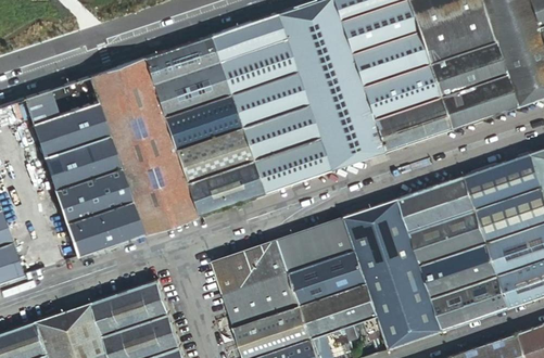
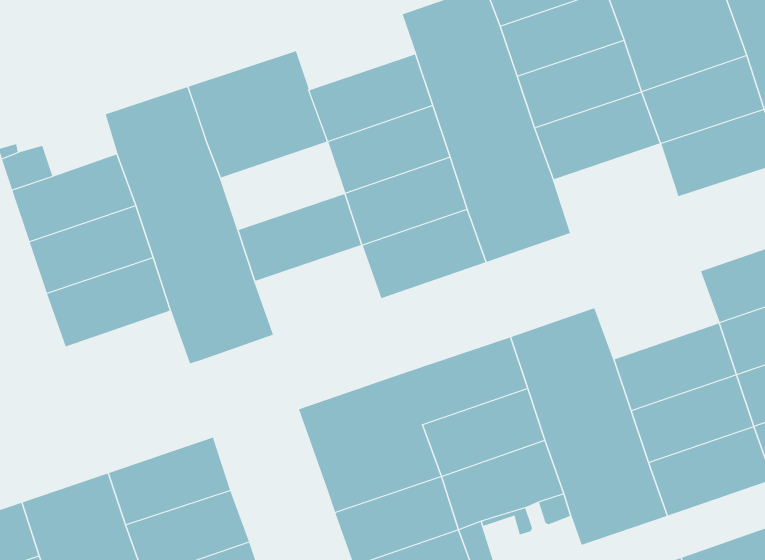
building: [211,14,286,62] -> none
building: [163,94,241,150] -> none
building: [372,95,451,152] -> none
building: [185,159,264,216] -> none
building: [398,176,477,231] -> none
building: [65,201,143,257] -> none

